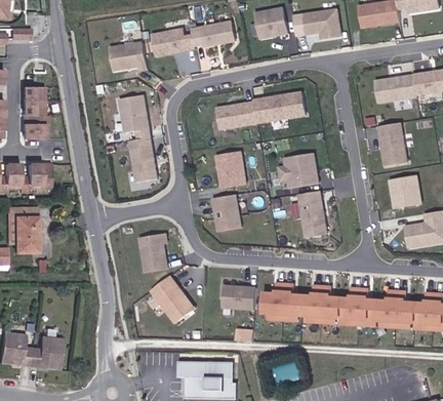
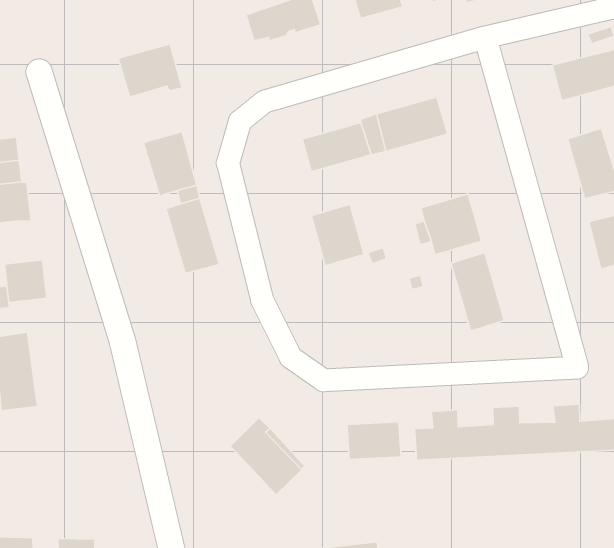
building: [152,28,195,56] -> none
building: [212,195,240,232] -> none
building: [139,234,167,273] -> none

